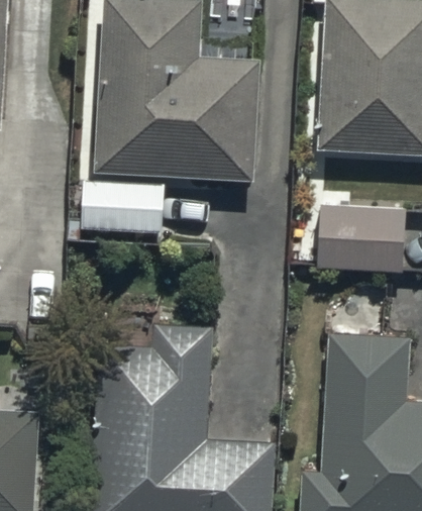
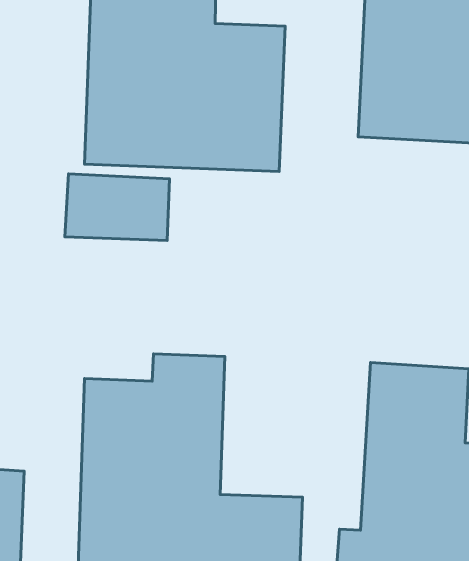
building: [313,204,406,273] -> none

